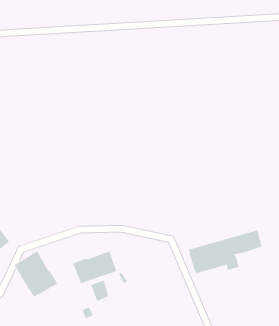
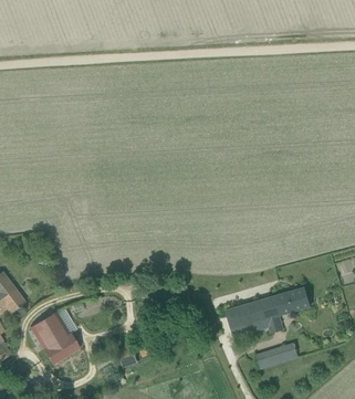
building: [72,250,117,284] -> none
building: none -> [255,342,299,368]

